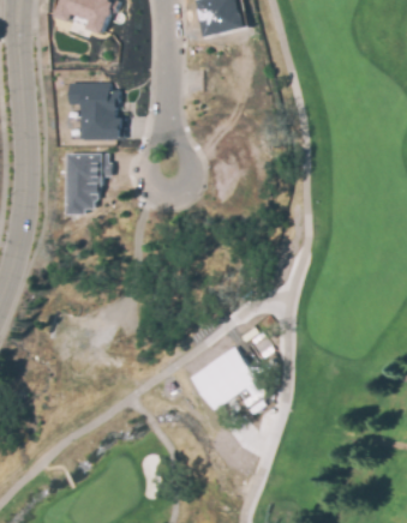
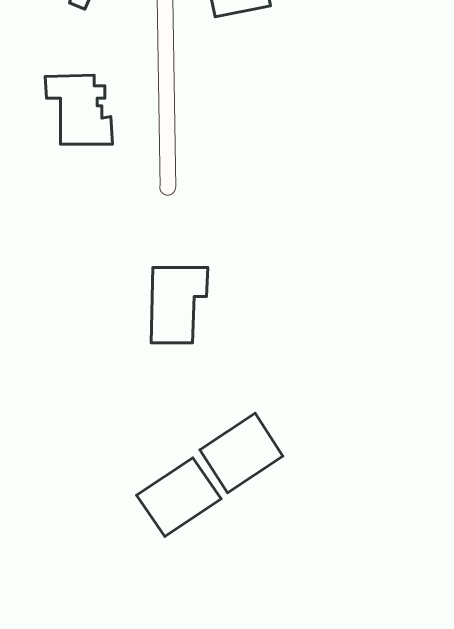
building: [65,154,109,212] -> [151,267,208,343]
building: none -> [136,458,221,536]

